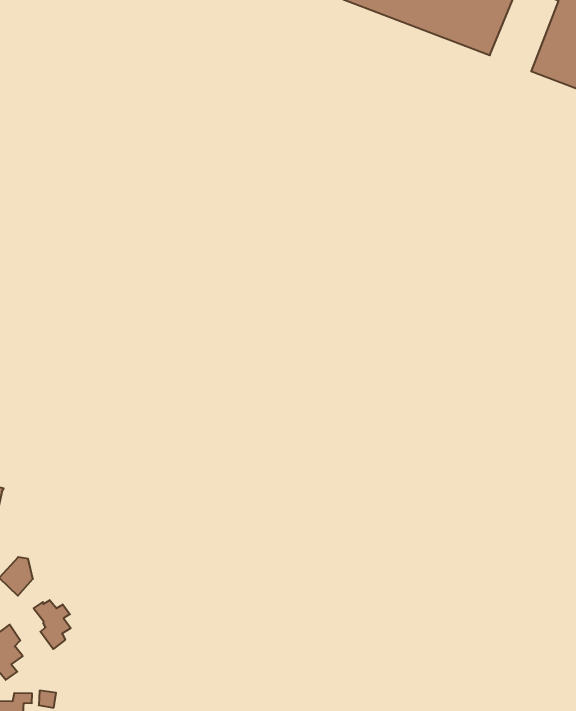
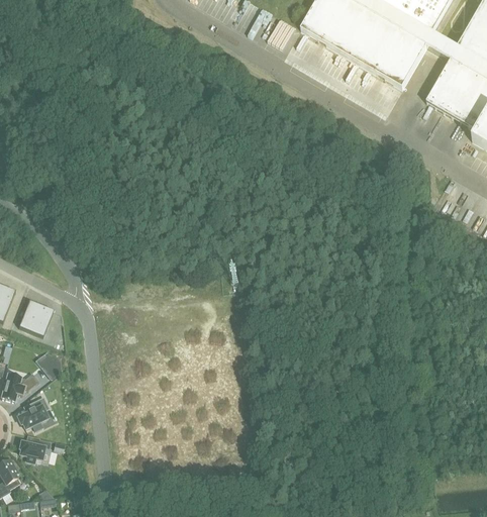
building: [34,600,71,649] -> none

